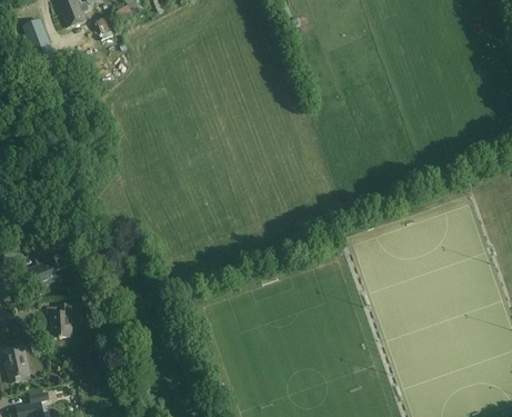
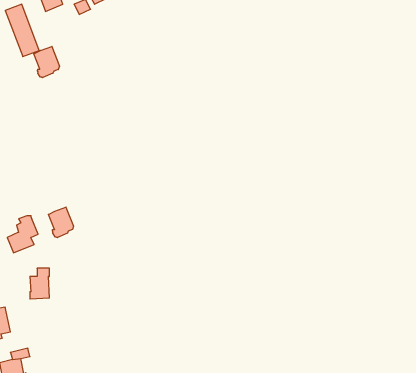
building: none -> [34,46,59,78]
building: none -> [48,207,74,238]

